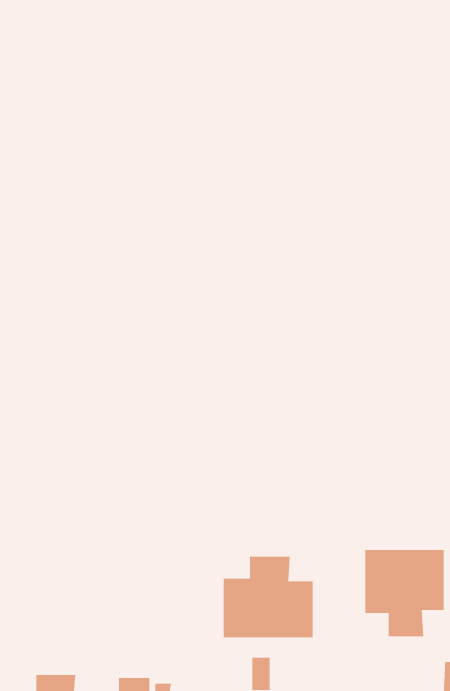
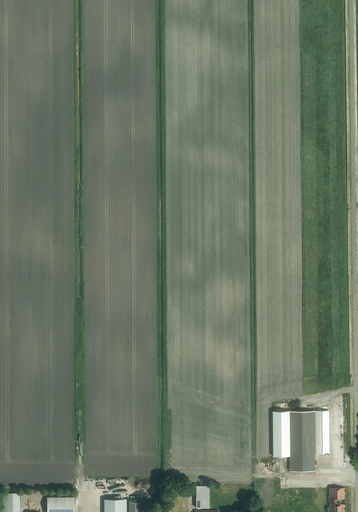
building: [223,556,313,638] -> none

